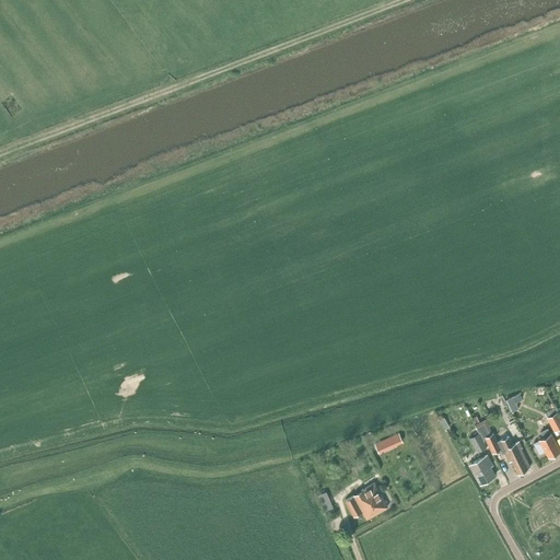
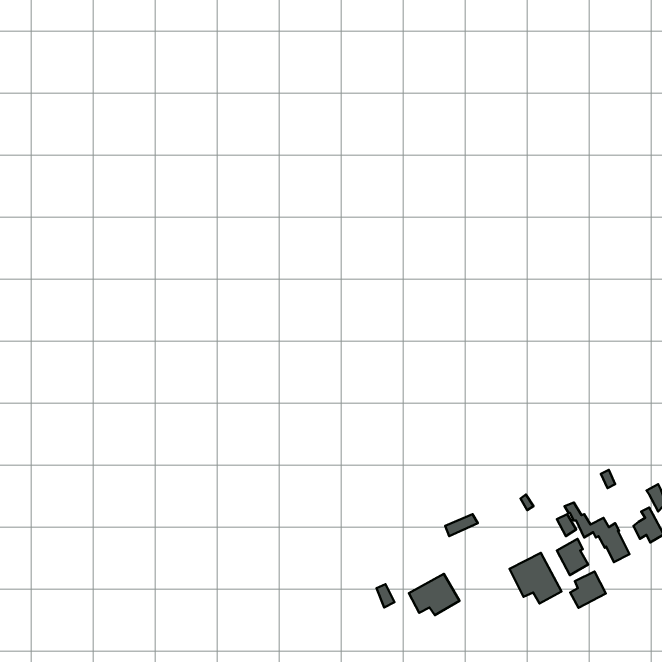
building: none -> [509,553,561,604]
building: none -> [570,571,606,608]

